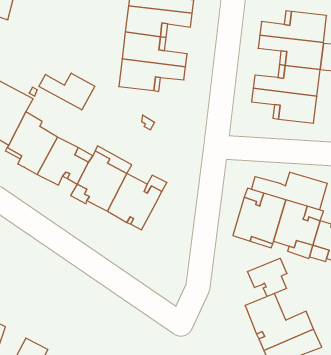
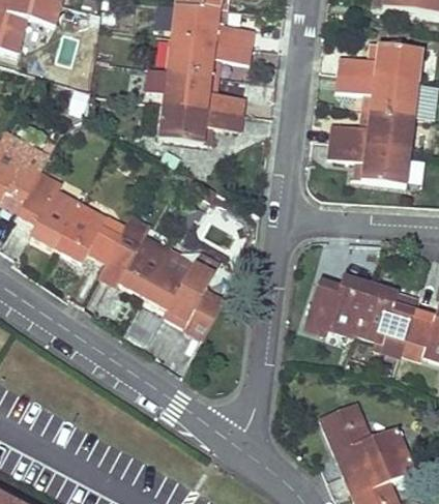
building: [39,73,95,110] -> none
building: [251,172,327,210] -> none
building: none -> [183,288,225,338]
building: [248,258,287,296] -> none

